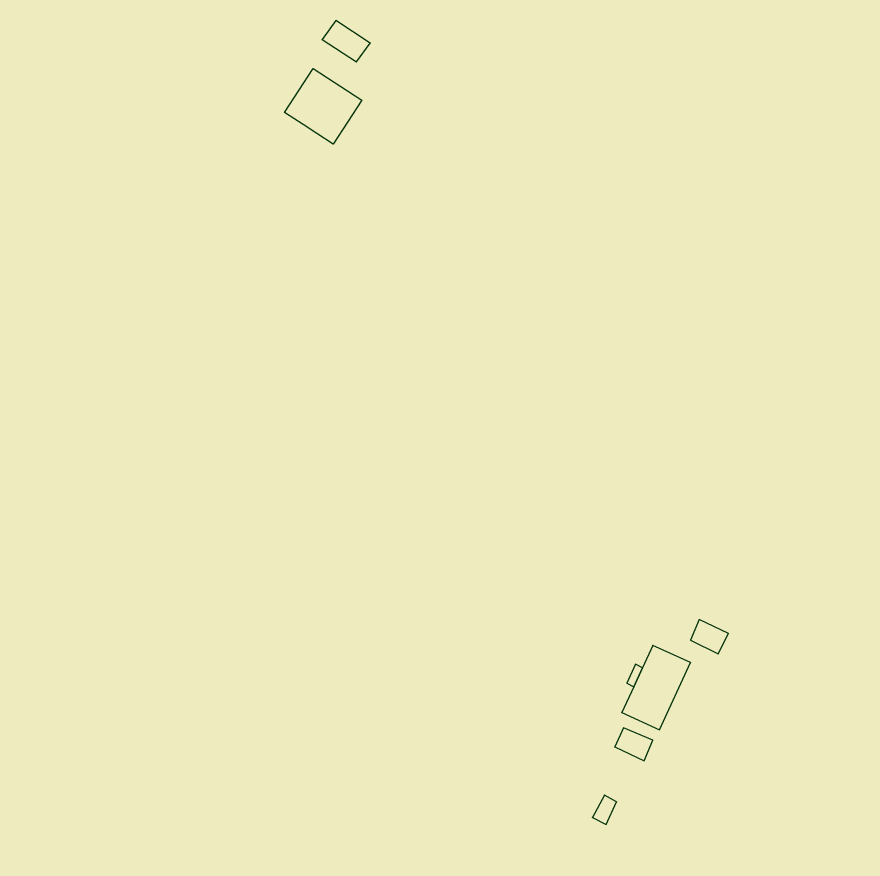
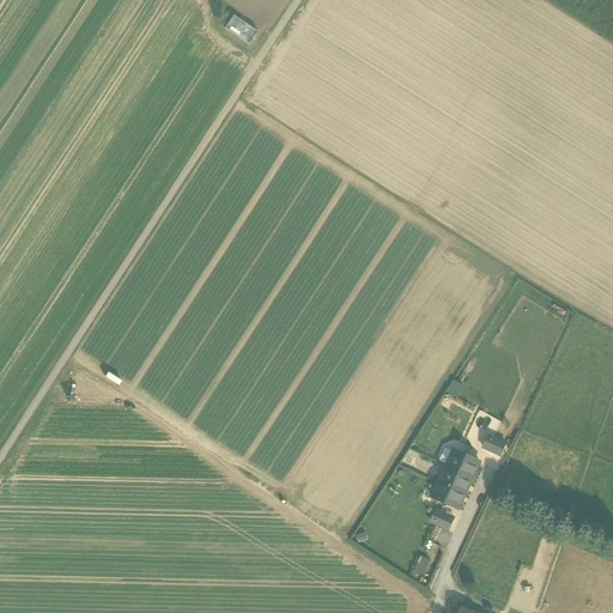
building: [285,69,362,144] -> none

